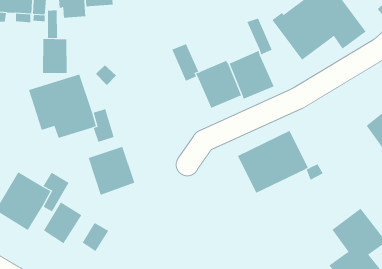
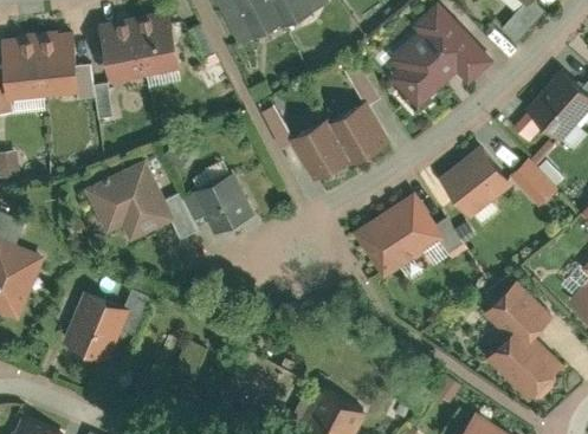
building: [43,38,67,74] -> none
building: none -> [441,148,512,219]
building: [88,146,135,196] -> [192,169,254,234]
building: [43,202,82,244] -> none

